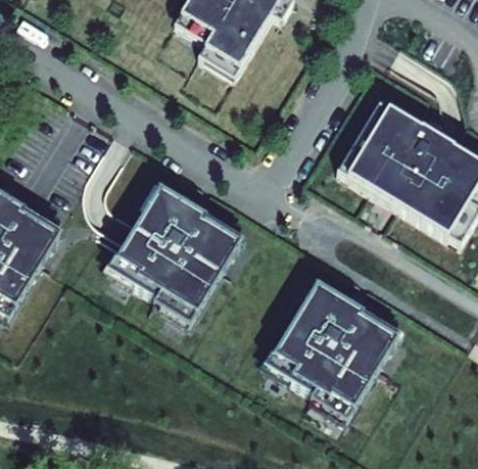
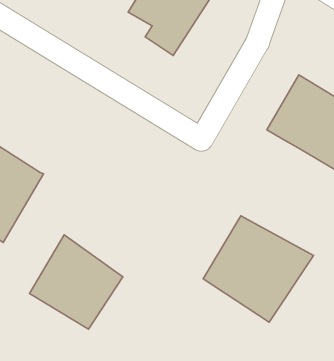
building: [104,182,246,315] -> none
building: none -> [29,235,123,329]

